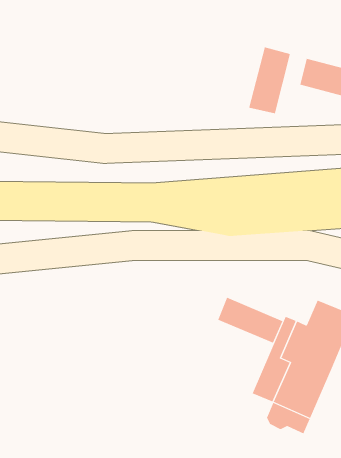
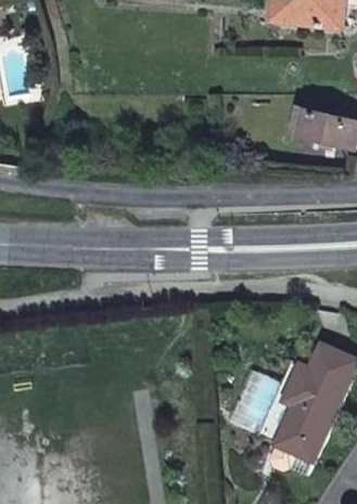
building: [249,47,291,114] -> none
building: [218,297,283,344] -> none

